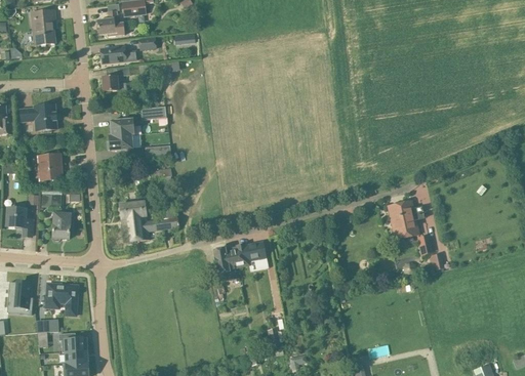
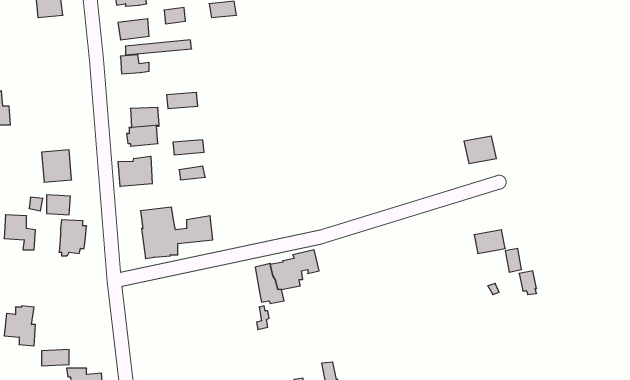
building: [21,105,56,131] -> none
building: none -> [118,156,152,187]
building: [389,201,415,223] -> [464,136,496,164]
building: [46,284,77,315] -> none

